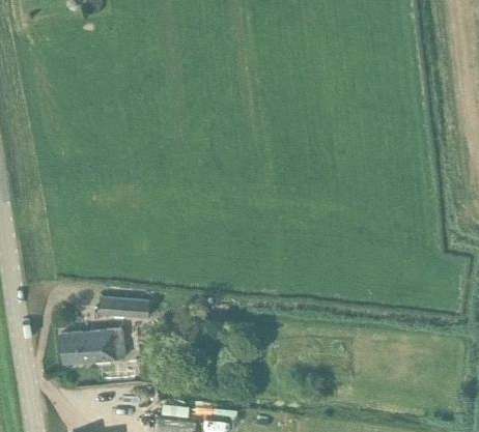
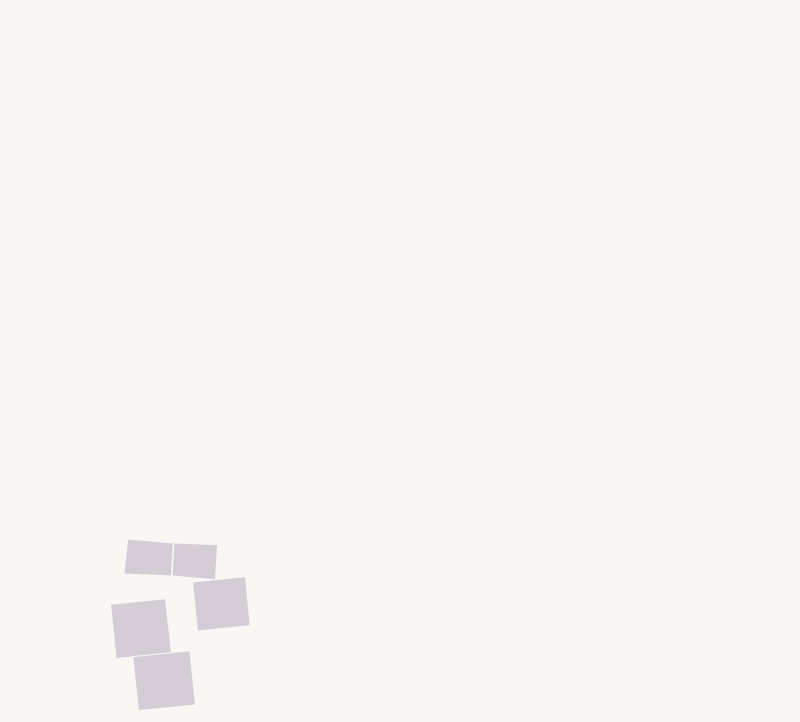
building: none -> [193,577,250,631]
building: [62,333,96,365] -> [132,651,196,711]

